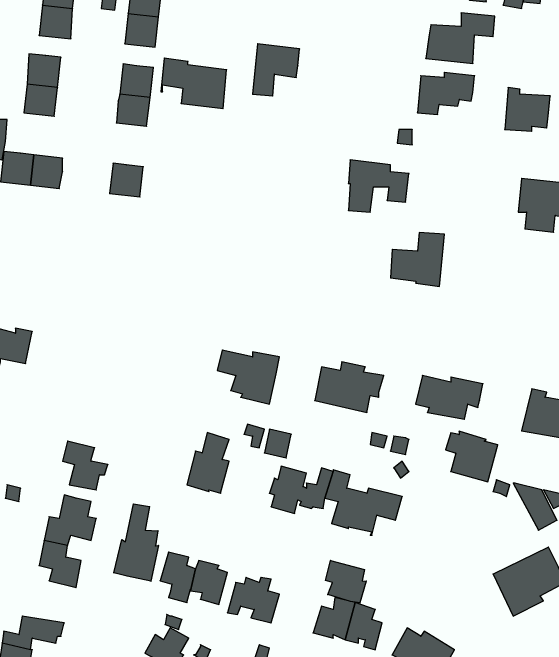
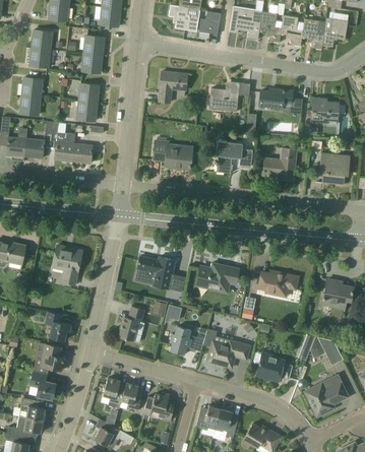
building: [426,13,495,63] -> [208,81,250,112]
building: [161,58,227,109] -> [153,139,192,170]
building: none -> [51,122,75,162]
building: [391,233,444,286] -> [263,147,296,180]
building: none -> [52,245,81,285]
building: [446,431,498,482] -> [253,350,285,381]
building: [114,504,158,581] -> none
building: [325,560,366,603] -> none
building: none -> [13,397,46,421]

